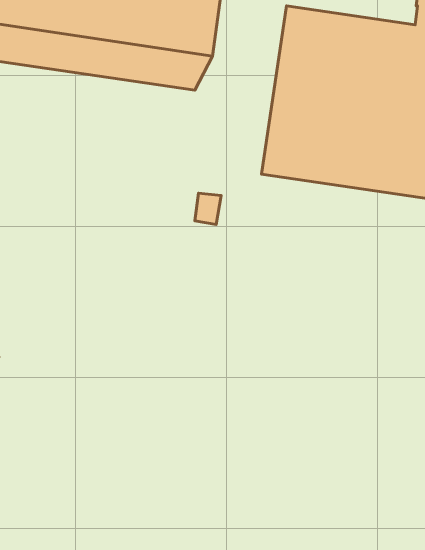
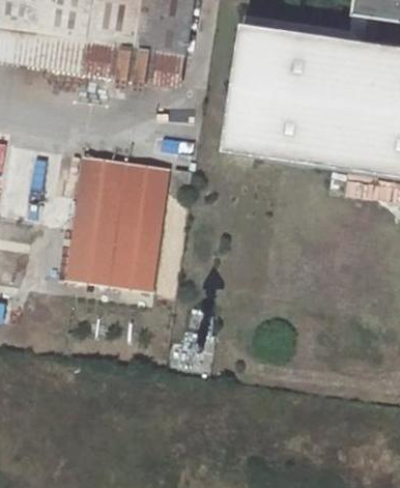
building: none -> [66,155,169,292]

